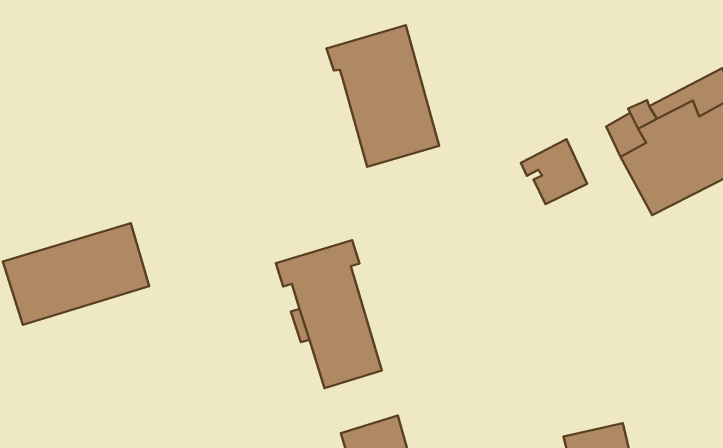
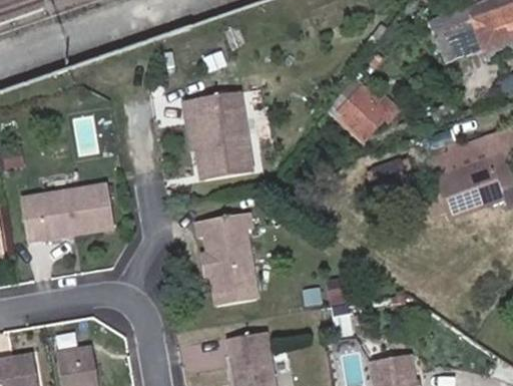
building: [327,25,439,167] -> [186,89,252,179]
building: none -> [343,94,388,139]

